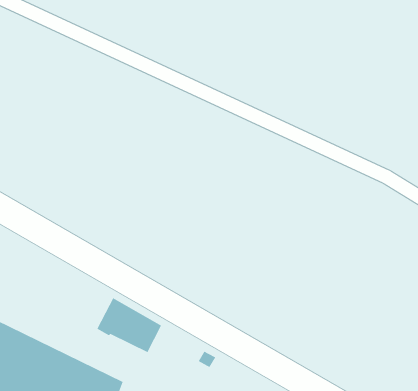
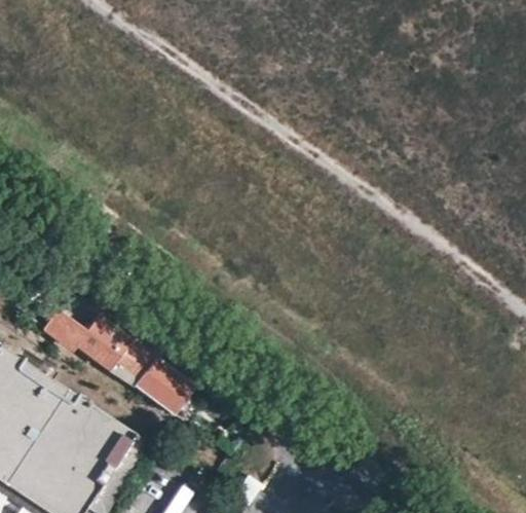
building: none -> [37,306,138,376]

